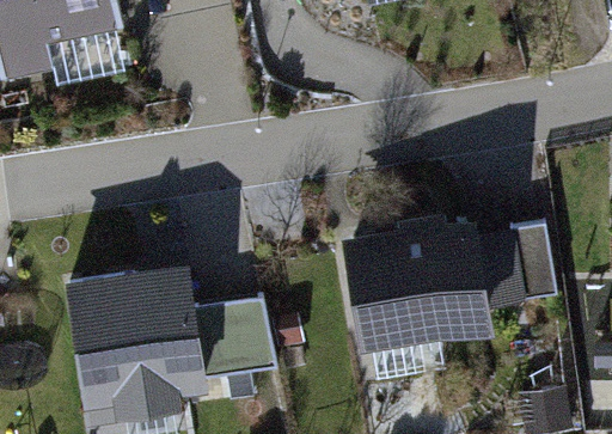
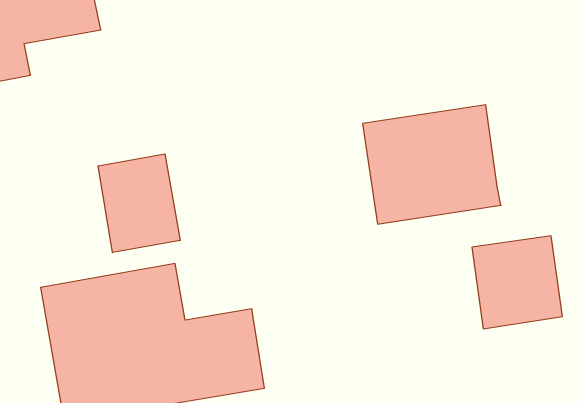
building: none -> [98,154,180,253]
building: [354,242,485,355] -> [363,105,501,224]

